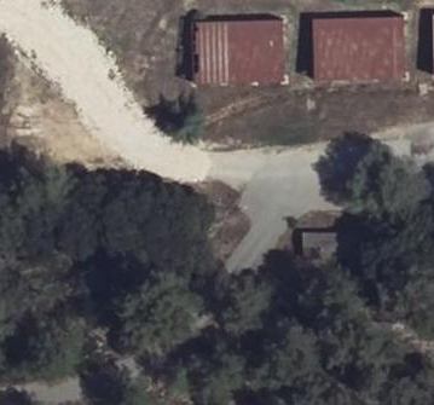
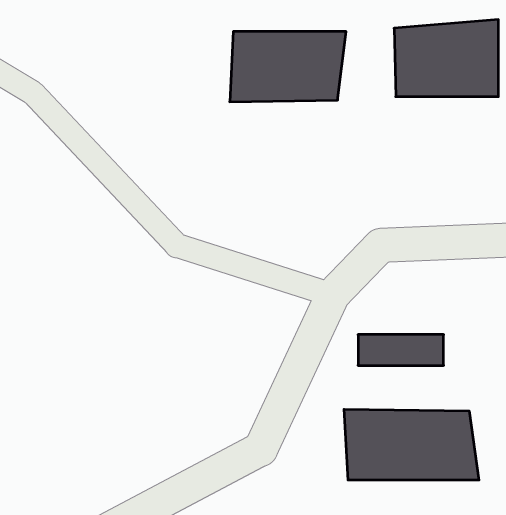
building: none -> [344,409,479,480]

